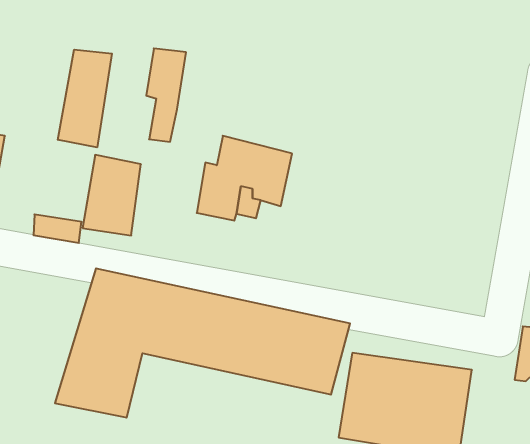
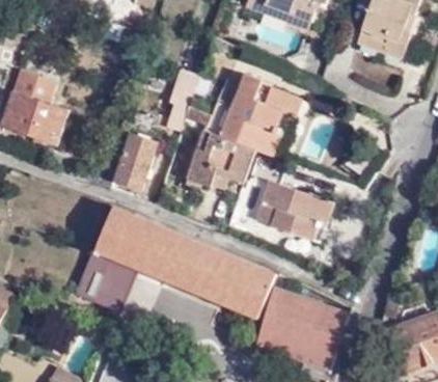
building: none -> [206,74,303,157]
building: [58,50,112,147] -> none
building: none -> [251,158,333,246]

